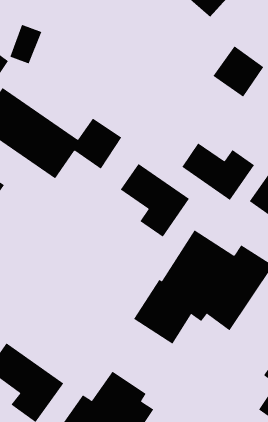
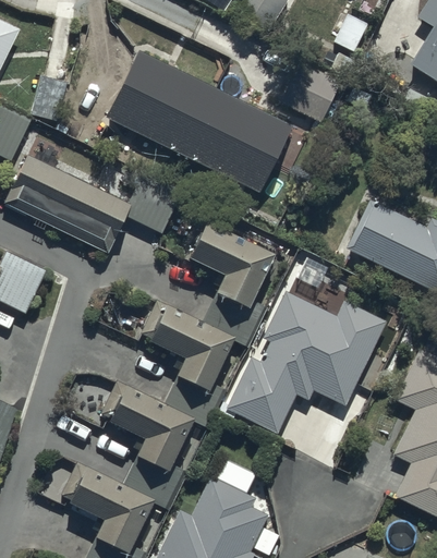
building: none -> [106,49,293,193]
building: [181,142,255,201] -> none
building: none -> [141,299,234,389]
building: none -> [99,379,194,471]

